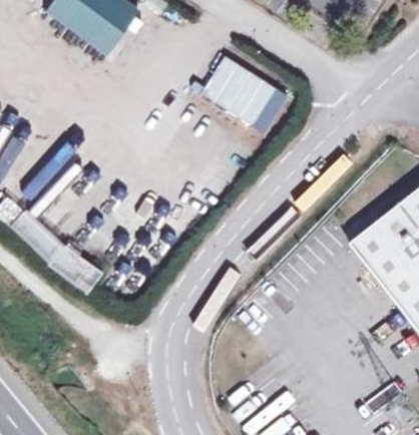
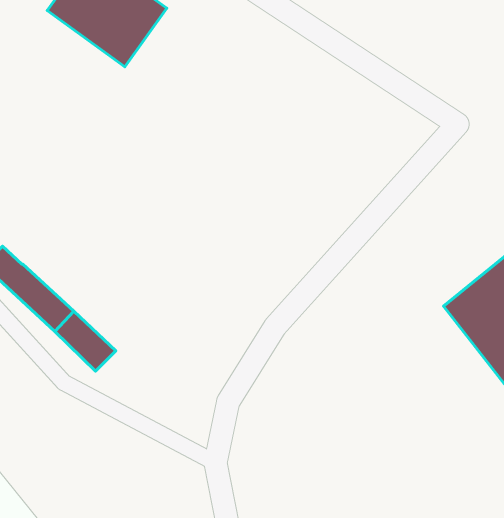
building: [200,55,287,132] -> none

